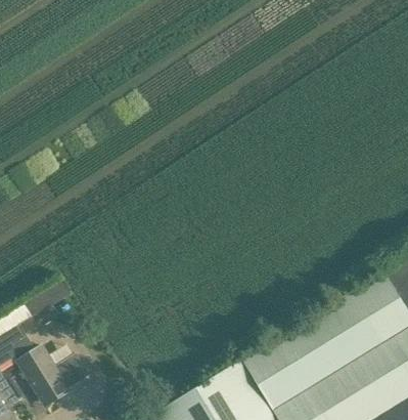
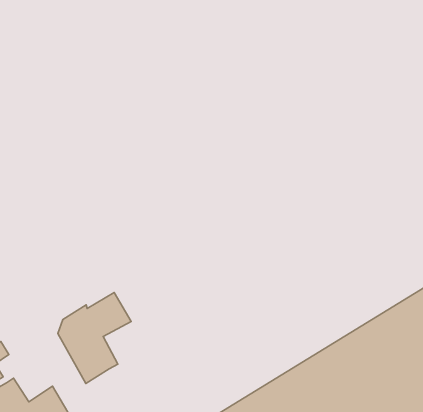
building: none -> [58,293,131,383]

